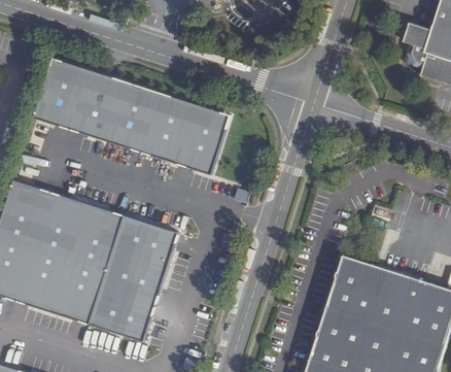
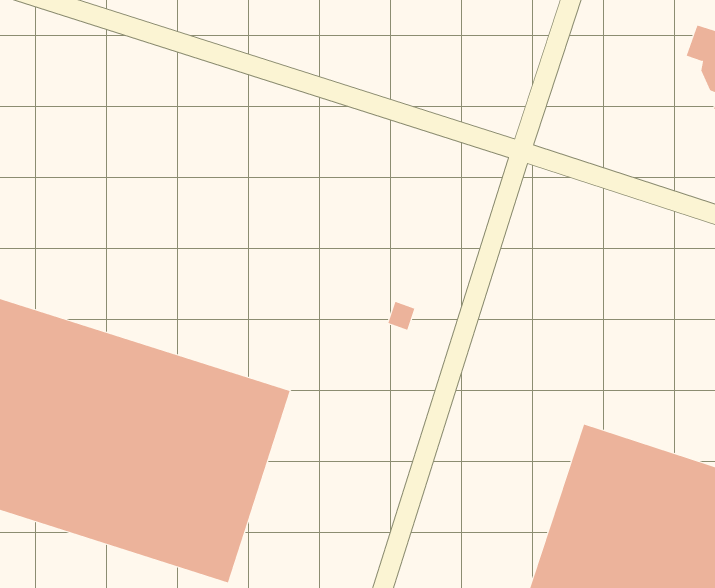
building: [35,61,228,171] -> none

